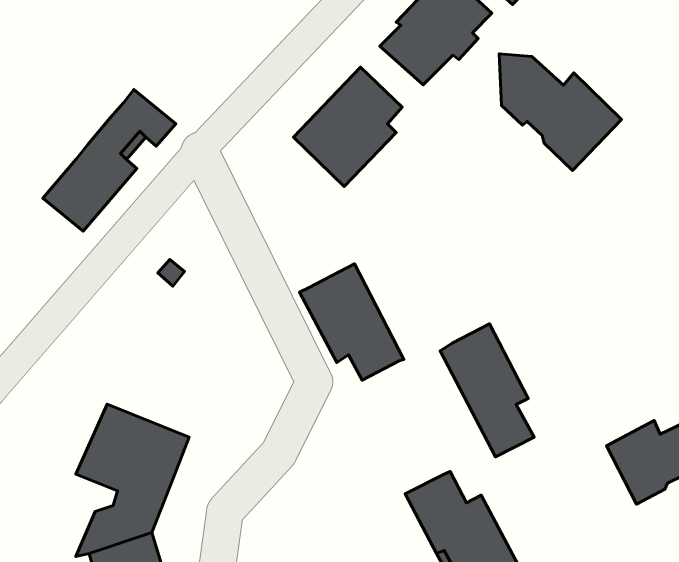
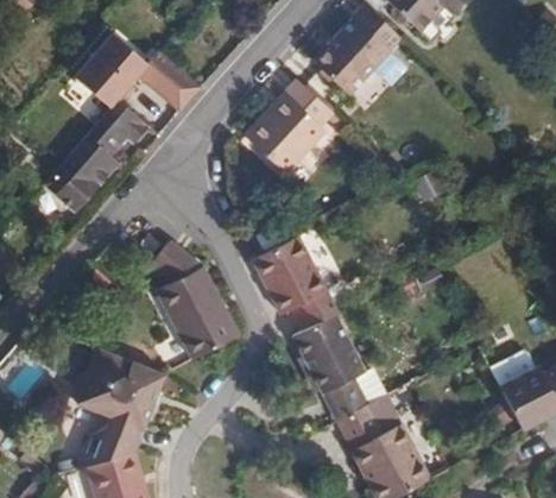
building: none -> [74,38,206,109]
building: [499,54,621,171] -> none
building: none -> [149,240,238,360]
building: [440,324,534,457] -> [291,314,366,420]

